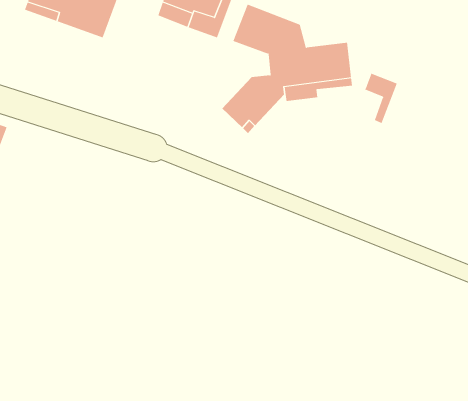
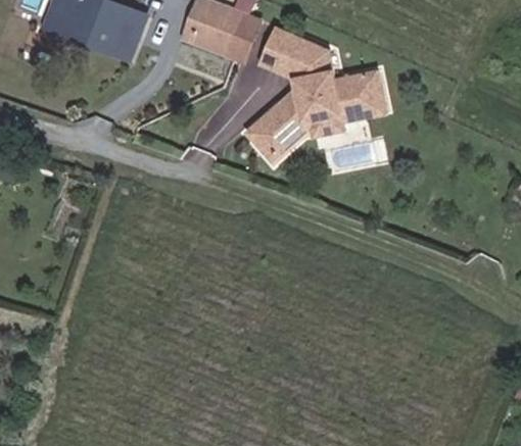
building: [365,73,398,124] -> none

